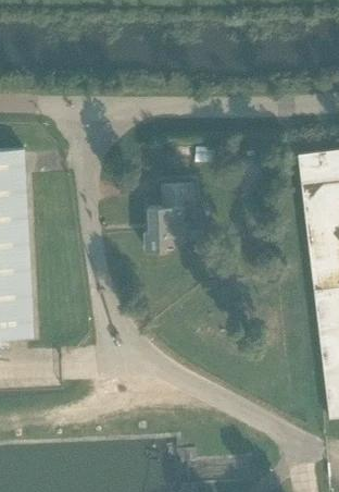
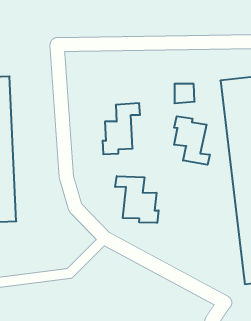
building: none -> [174,116,210,165]
building: none -> [115,176,159,223]

